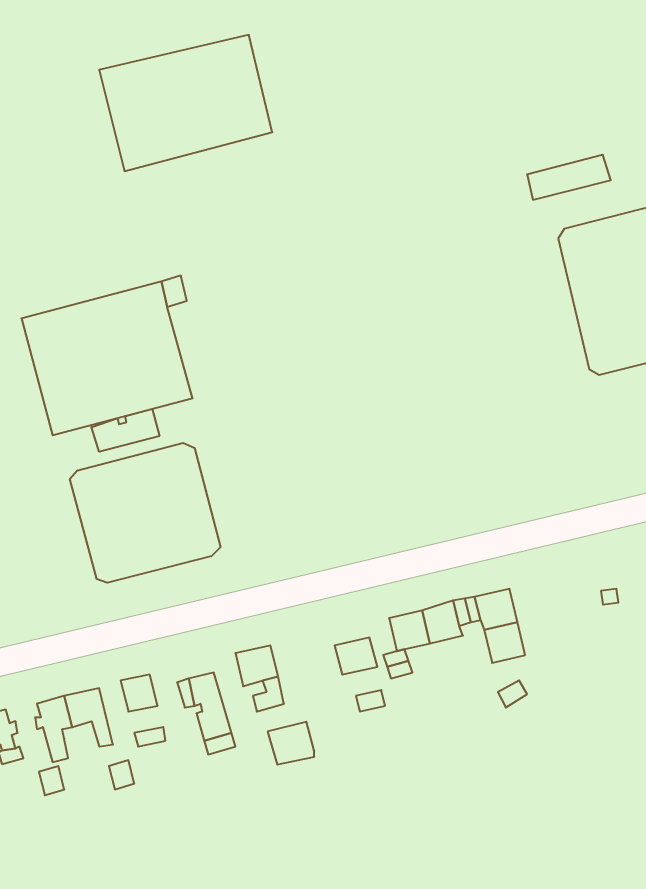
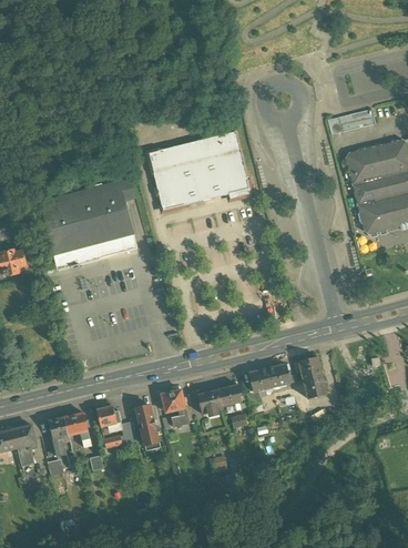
building: [99,35,272,171] -> [151,131,249,209]
building: [91,409,159,452] -> none
building: [70,443,221,583] -> none
building: [268,722,314,765] -> [196,388,223,413]

